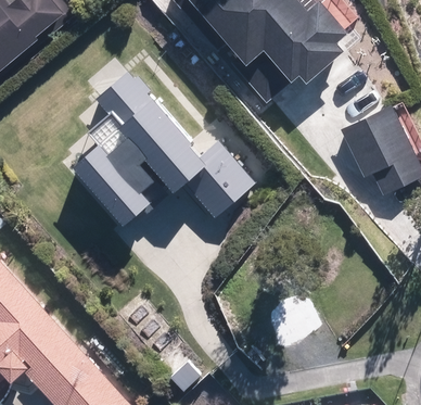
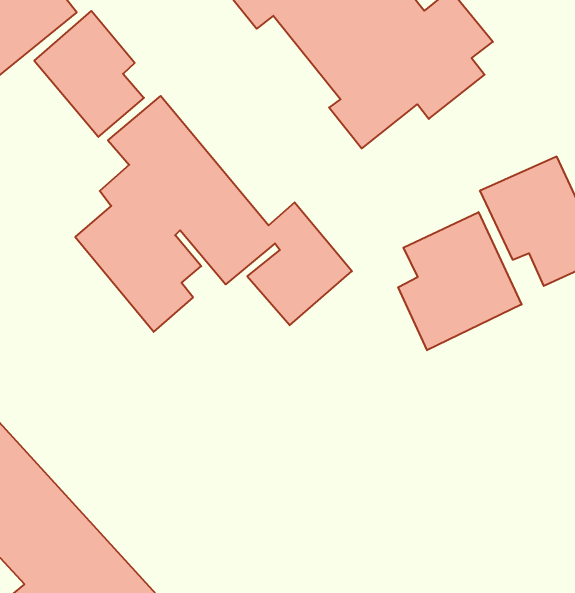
building: none -> [34,11,144,137]
building: none -> [398,212,522,350]

